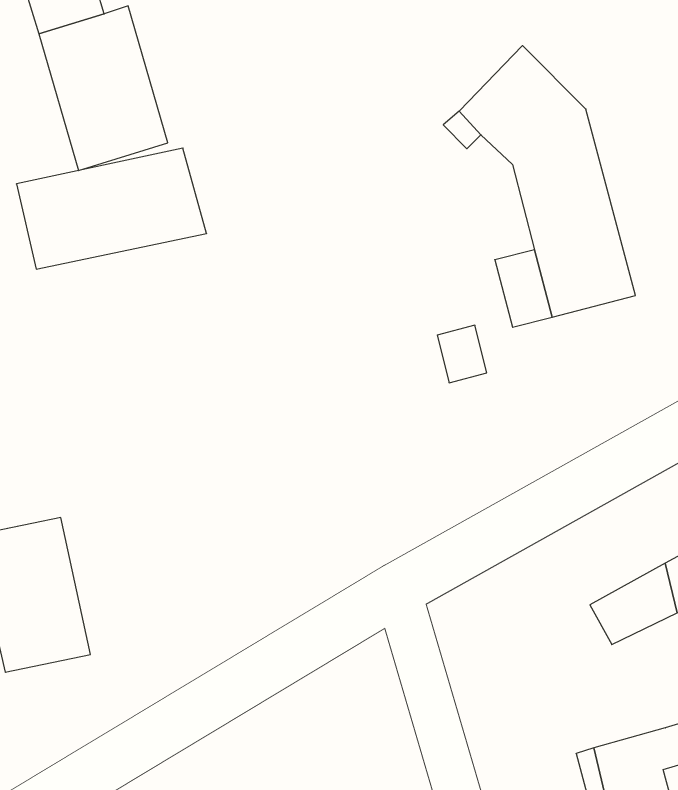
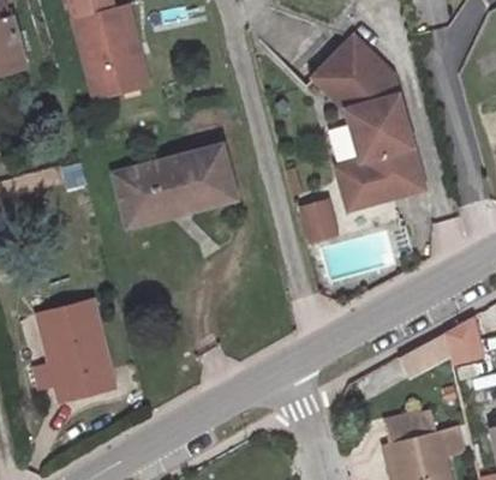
building: [16,148,207,269] -> [118,146,233,220]
building: none -> [395,416,446,452]

